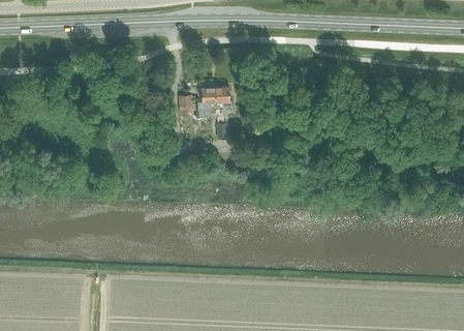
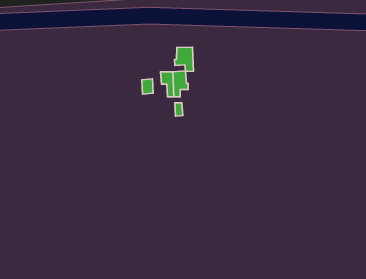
building: none -> [174,47,193,72]

